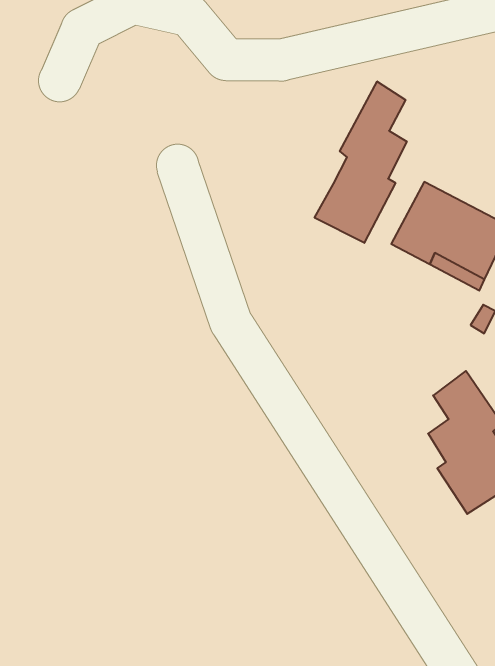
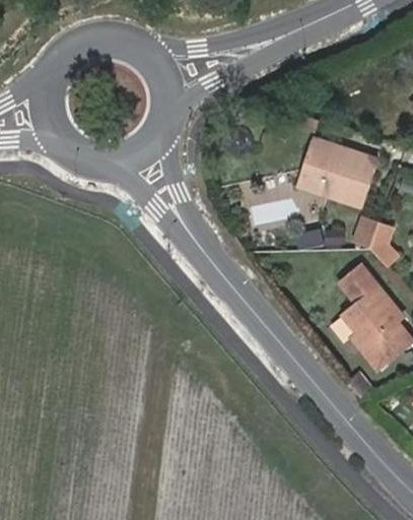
building: [315,81,407,243] -> none

